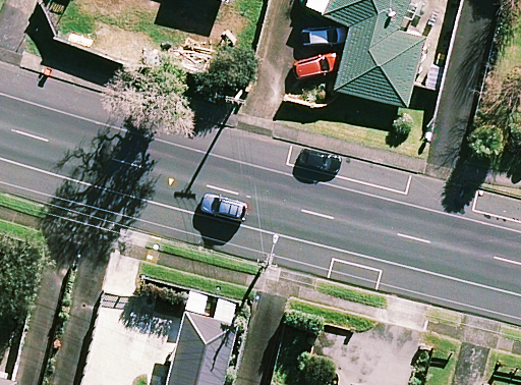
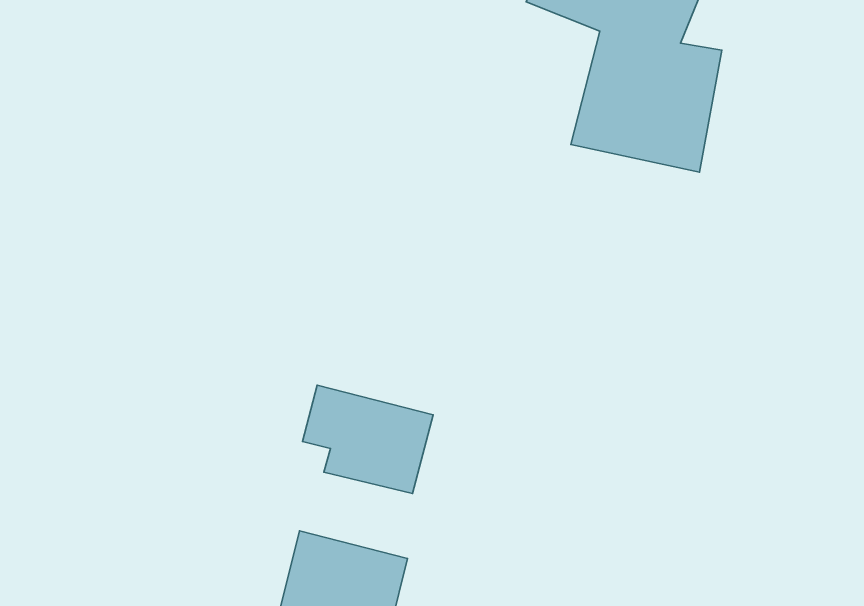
building: none -> [303,385,433,494]

